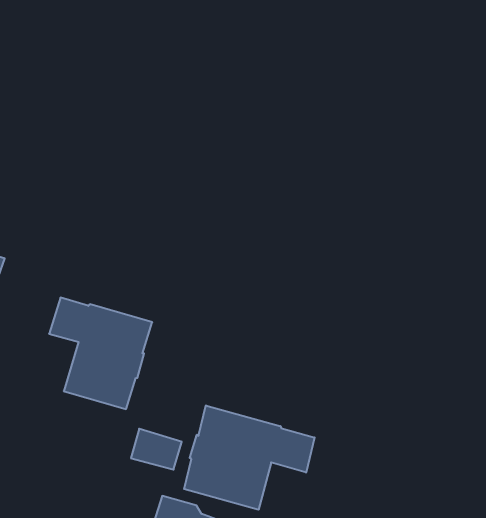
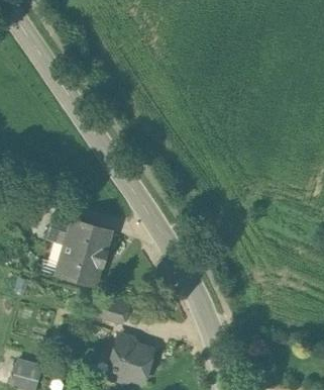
building: [184,405,315,510] -> none

